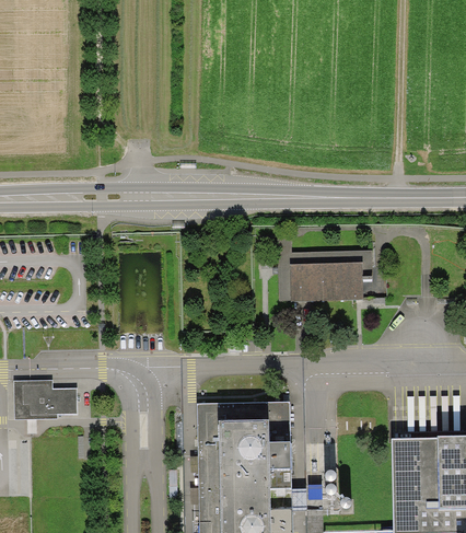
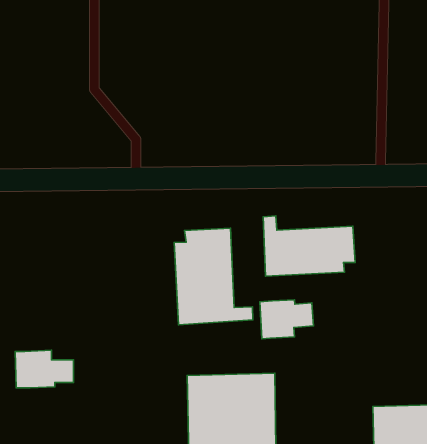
building: none -> [174,228,253,325]
building: none -> [260,300,314,339]

